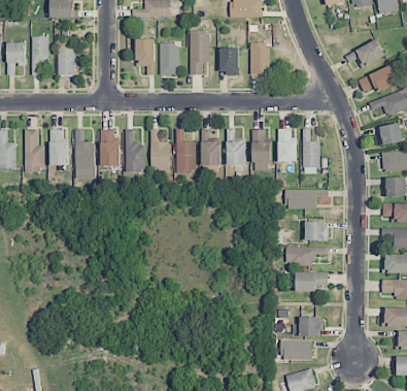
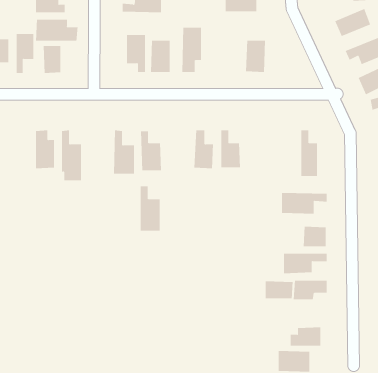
building: none -> [334,8,371,37]
building: none -> [35,19,78,42]
building: [219,47,239,73] -> none
building: [24,129,45,171] -> none
building: [101,129,117,166] -> none
building: [176,129,196,172] -> [140,186,160,231]
building: [252,129,270,171] -> none
building: [278,129,297,162] -> none
building: none -> [265,281,293,299]

